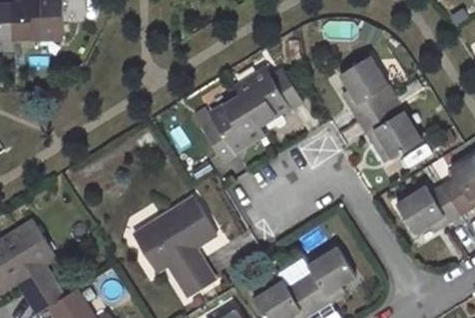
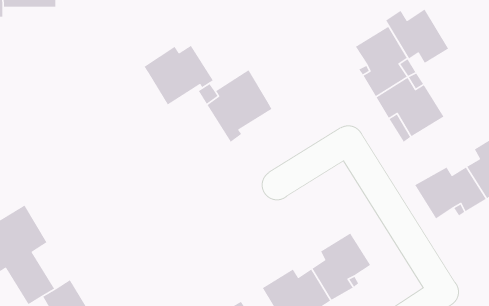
building: none -> [385,9,449,64]
building: [238,68,303,124] -> [144,45,214,106]
building: [133,197,216,297] -> none

